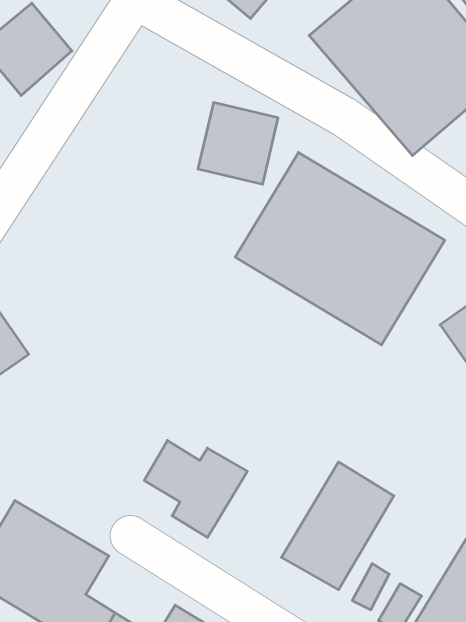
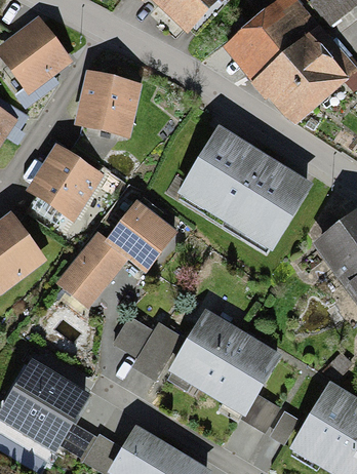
building: [198,103,278,184] -> [81,76,134,130]
building: none -> [37,152,93,210]
building: none -> [55,199,177,310]
building: none -> [165,307,243,394]

